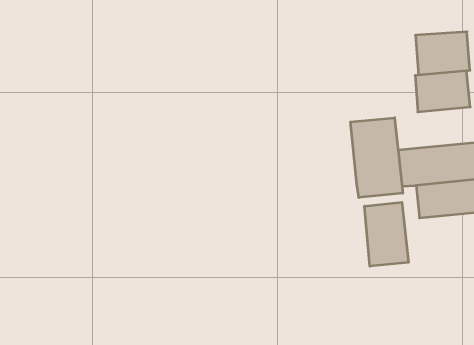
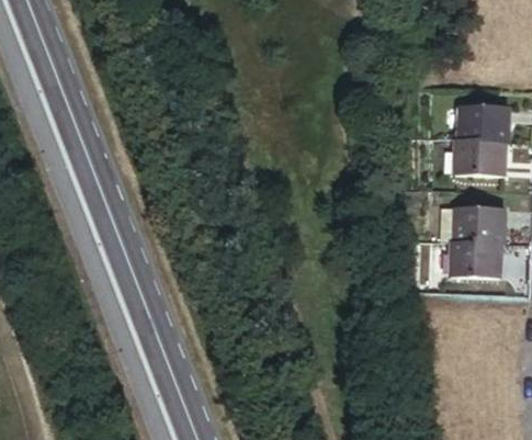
building: [351,118,403,198] -> none
building: [365,202,408,266] -> none

